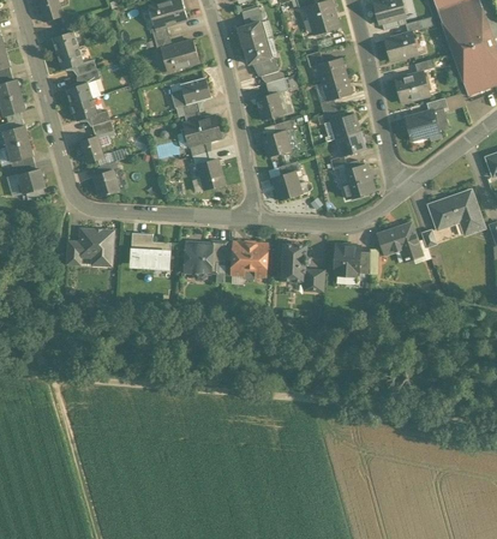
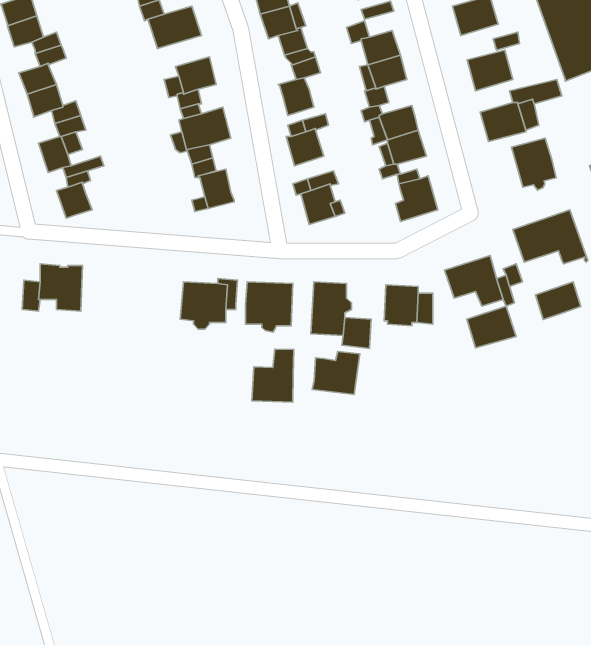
building: none -> [512,138,556,190]
building: [130,232,170,265] -> none
building: none -> [536,282,581,319]
building: none -> [467,306,516,348]
building: none -> [252,349,294,402]
building: none -> [312,351,360,394]

